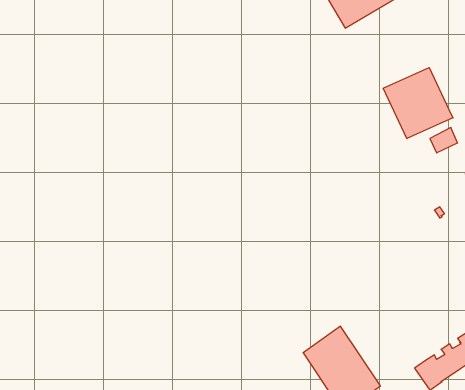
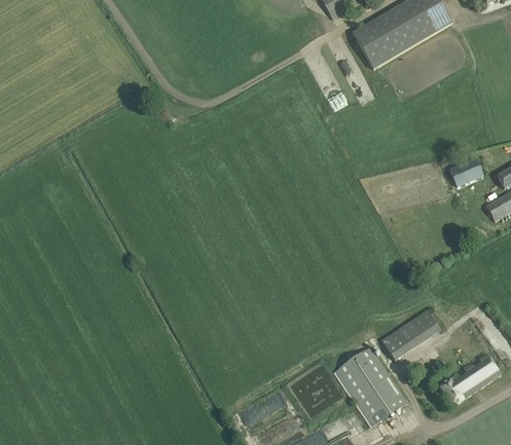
building: [383,68,453,139] -> none
building: none -> [381,309,442,360]

